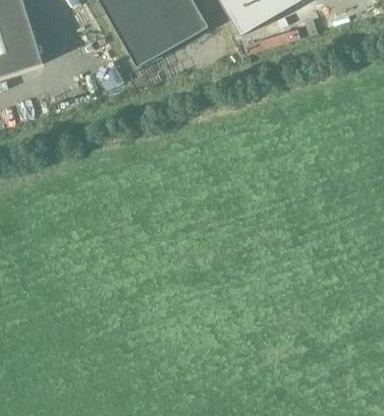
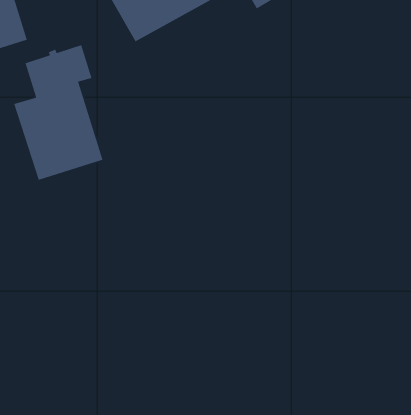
building: none -> [13,44,103,181]

